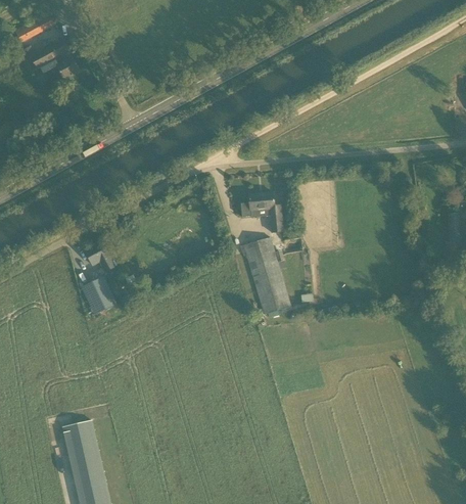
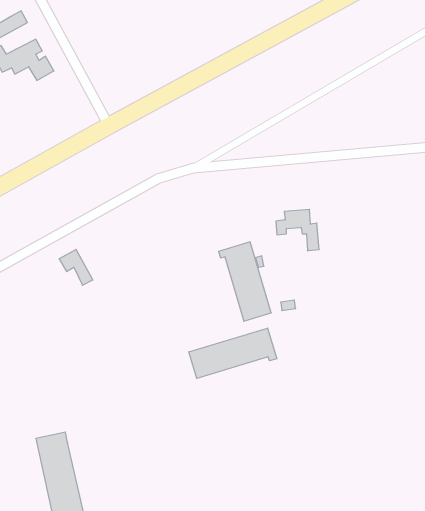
building: [240,193,282,233] -> [276,209,319,251]
building: [89,277,115,313] -> none
building: none -> [189,328,277,378]

